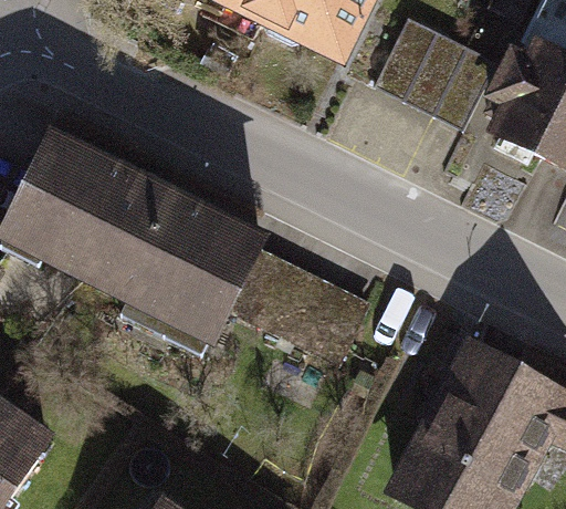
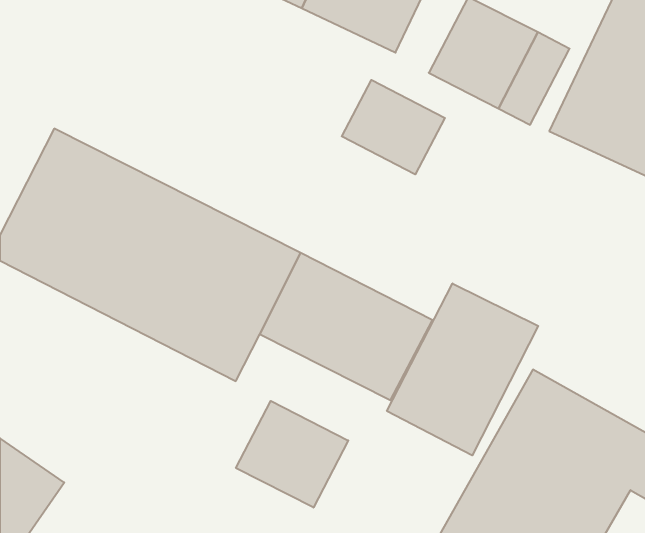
building: none -> [342,80,445,174]
building: none -> [387,283,538,455]
building: none -> [236,401,348,508]

